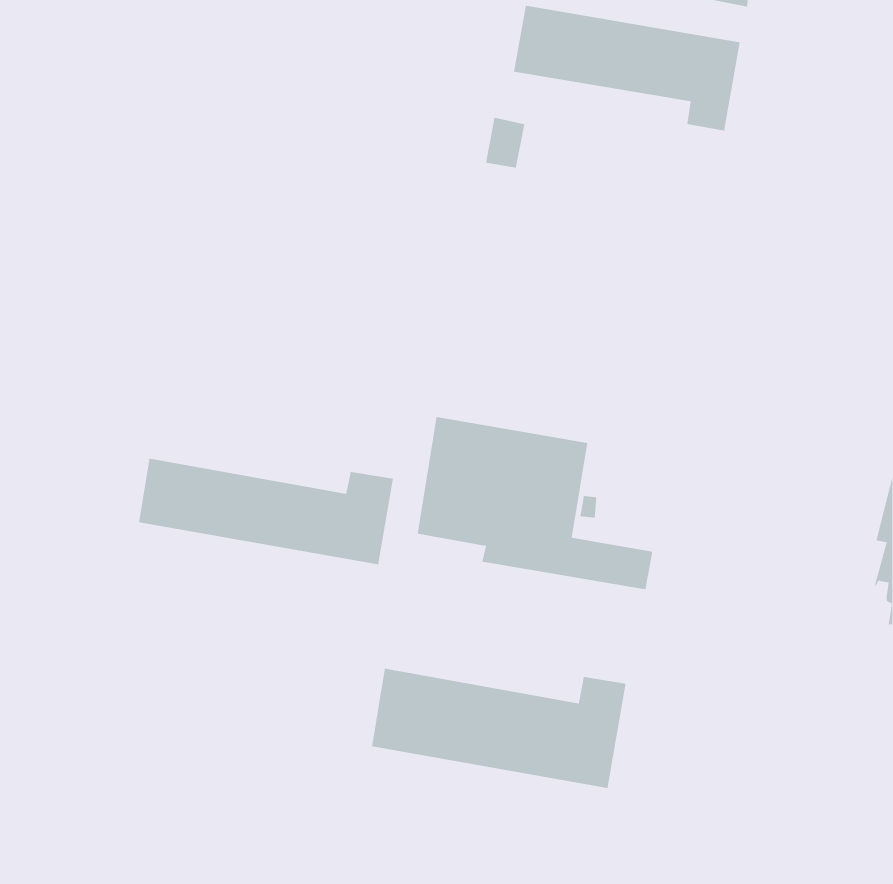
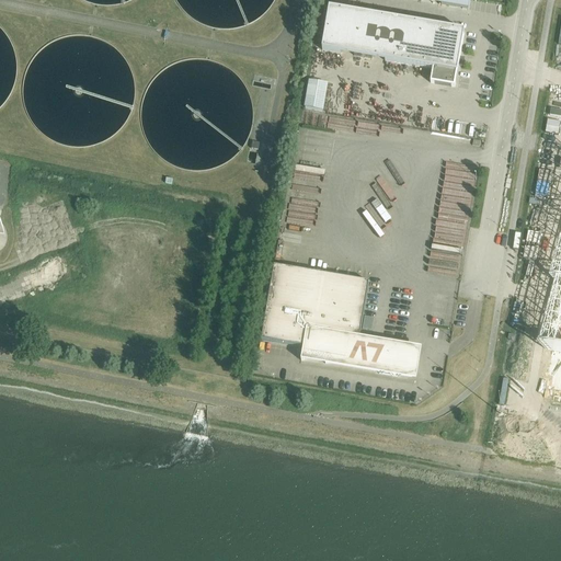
building: [139,458,393,565] -> none
building: [371,668,626,789] -> none

